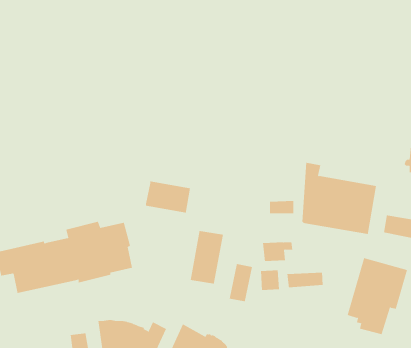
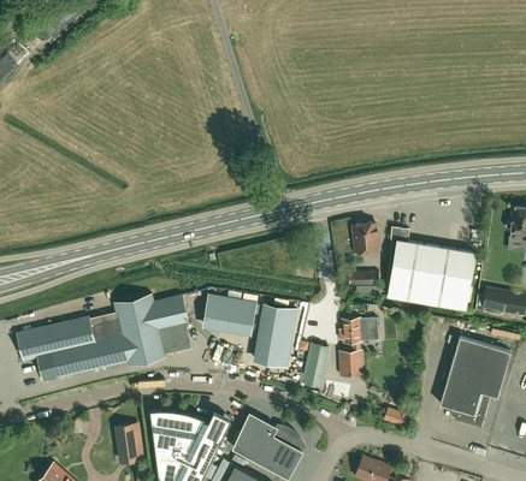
building: none -> [350,222,379,255]
building: [145,181,191,213] -> [202,295,255,332]
building: [287,272,323,288] -> none

